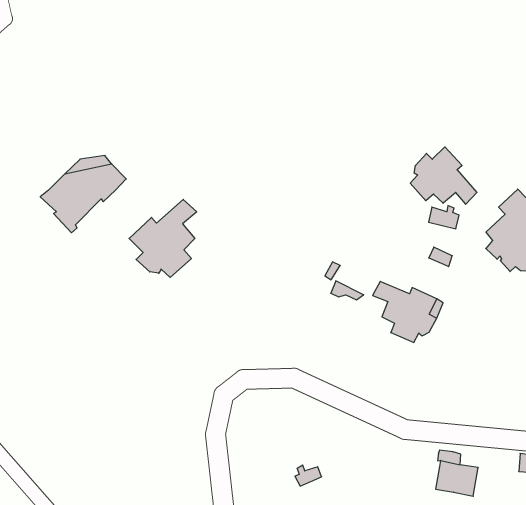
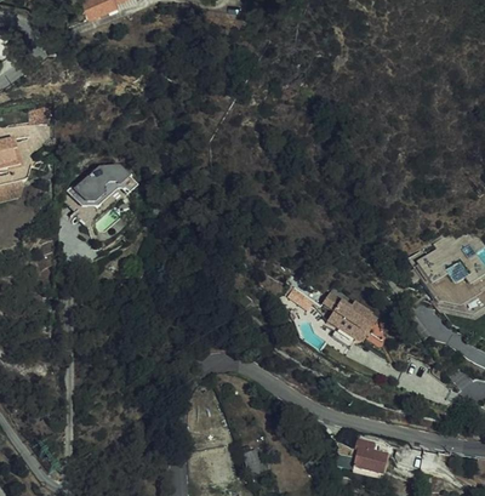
building: [410,147,477,204] -> none
building: [129,199,197,277] -> none

